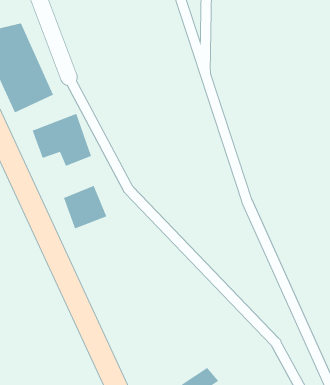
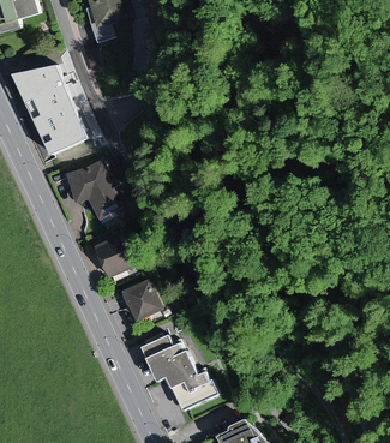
building: none -> [121,277,167,323]
building: none -> [138,336,220,407]

